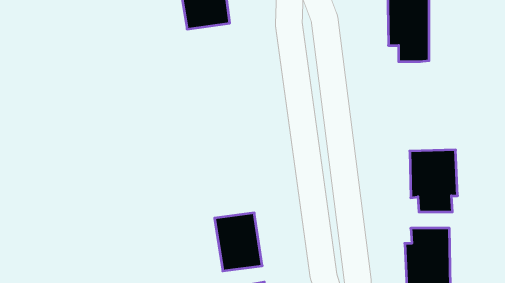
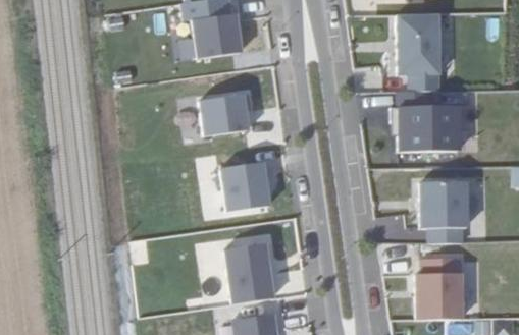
building: none -> [394,91,460,152]
building: none -> [200,92,252,134]
building: none -> [222,160,271,211]

